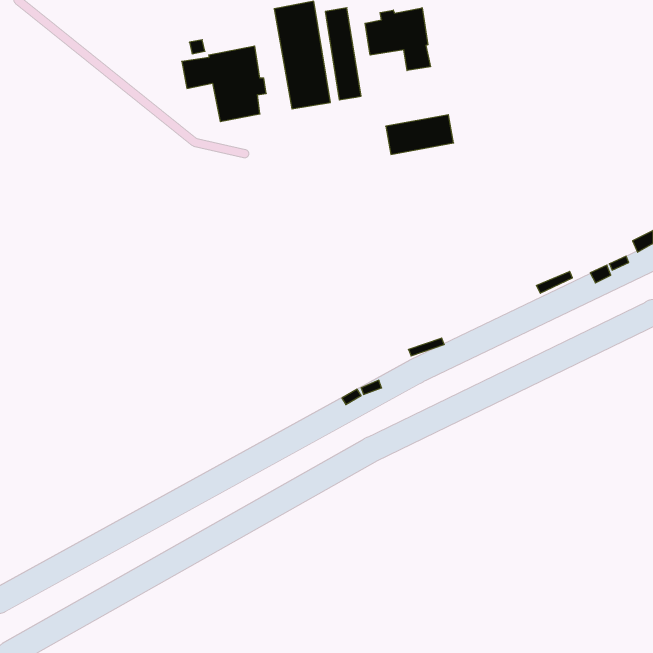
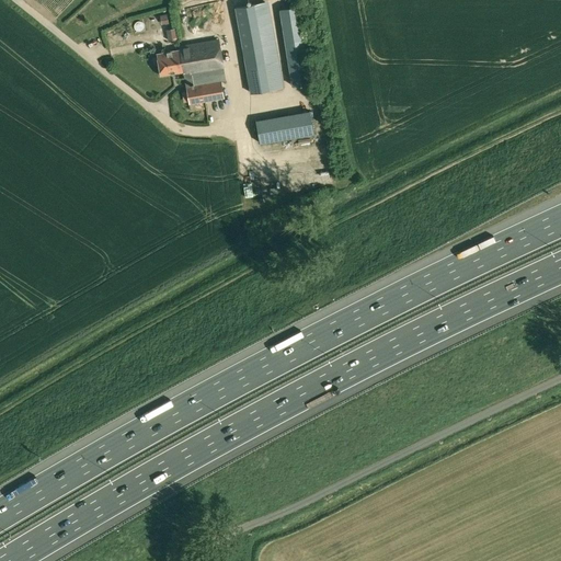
building: [365,8,430,71] -> none
building: [386,115,454,154] -> [255,111,313,145]

